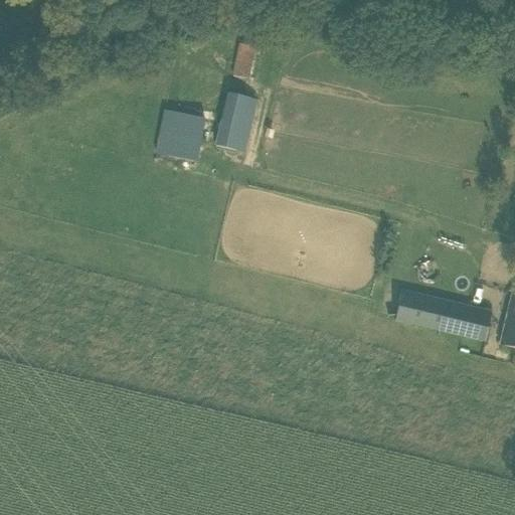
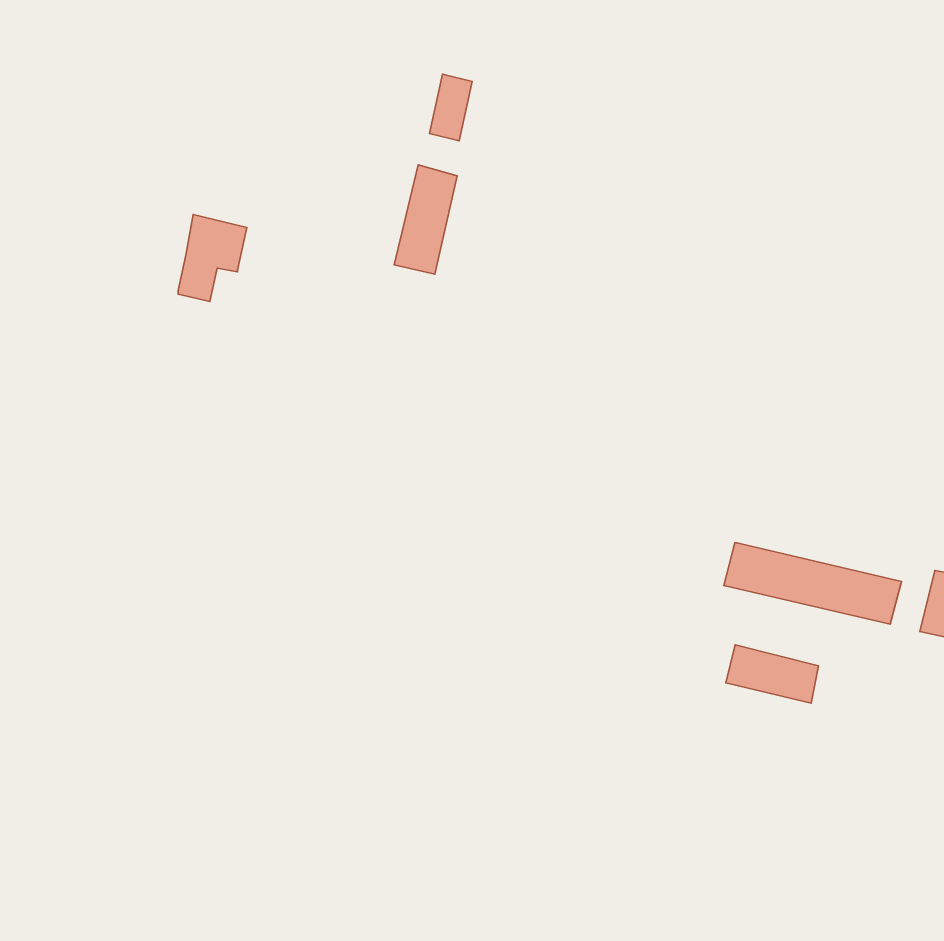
building: [169,111,206,158] -> [178,215,247,302]
building: none -> [726,645,818,703]

